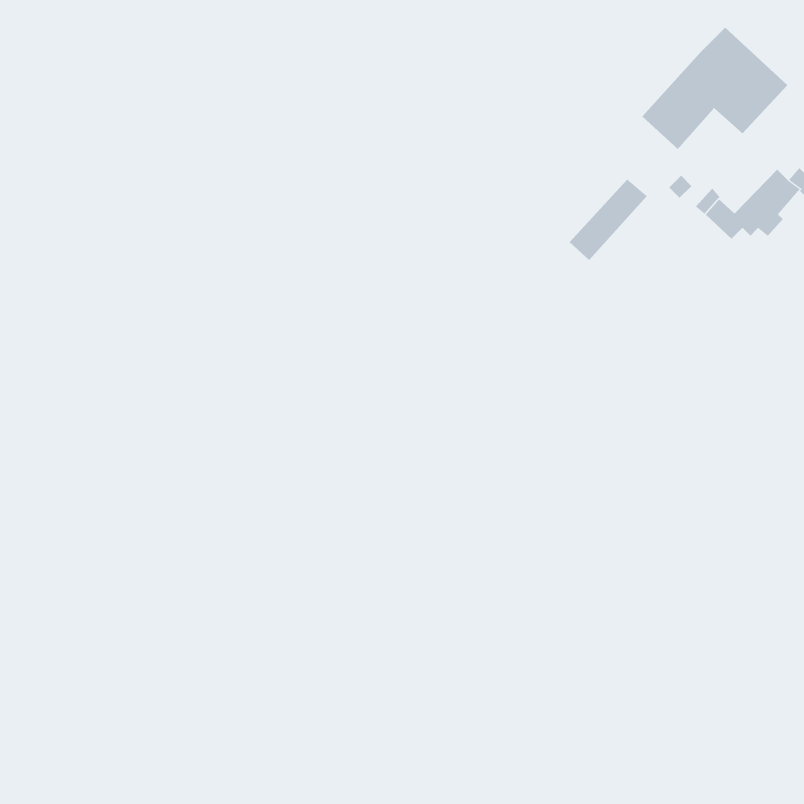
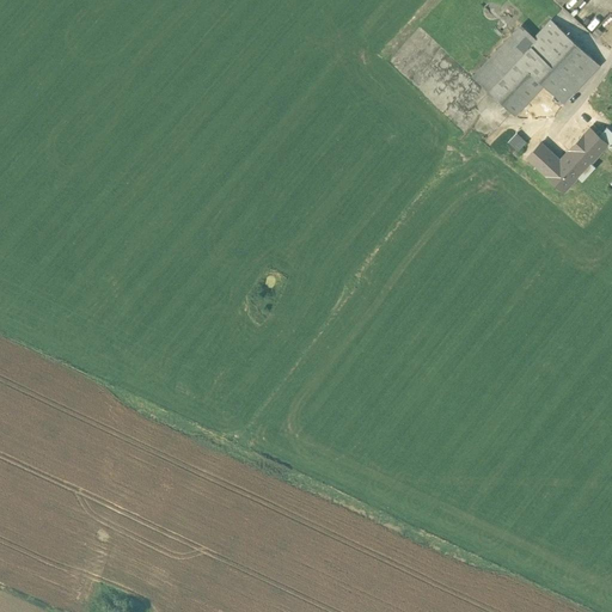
building: [569,179,648,261] -> [472,27,532,90]

